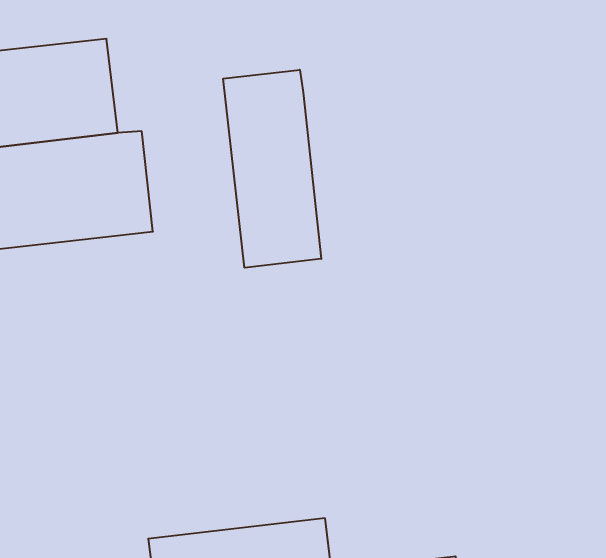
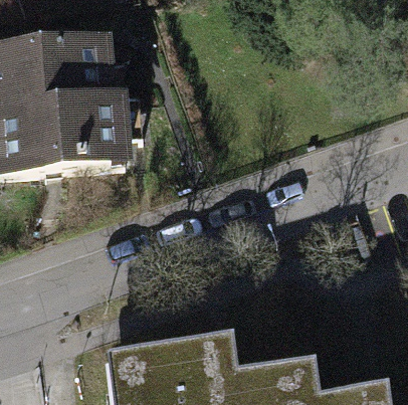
building: [223,70,321,268] -> none

